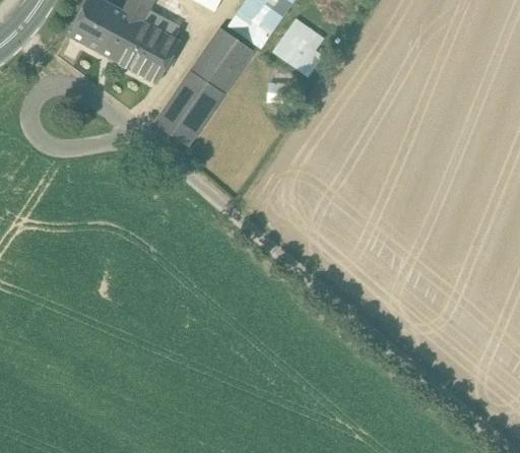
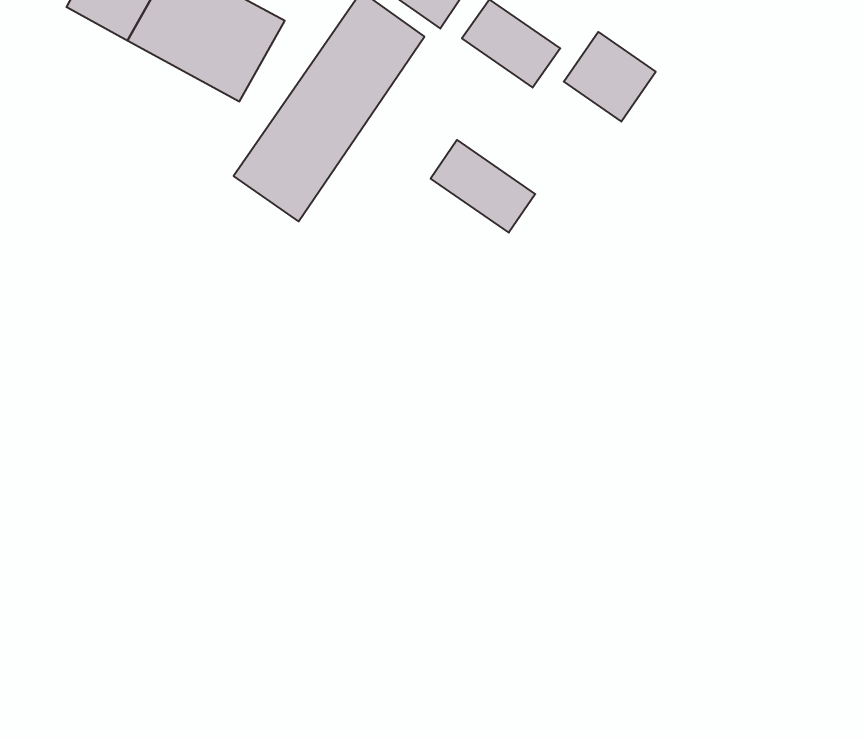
building: none -> [564,32,656,122]
building: none -> [431,140,535,233]

